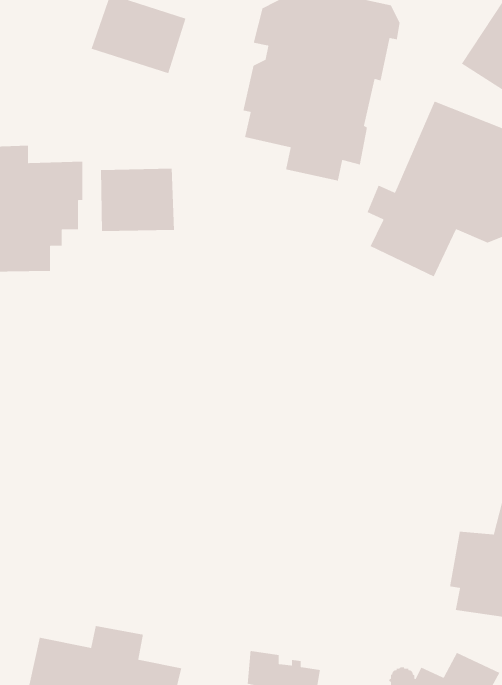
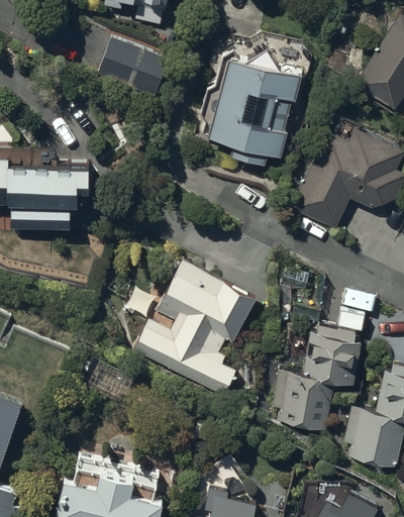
building: [100,168,175,232] -> none
building: none -> [132,256,259,401]
building: none -> [273,322,362,432]

